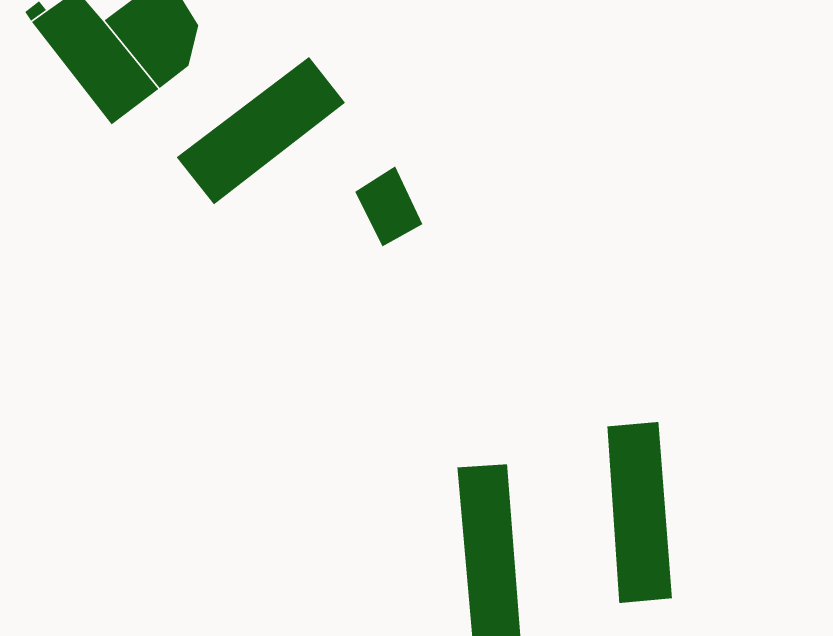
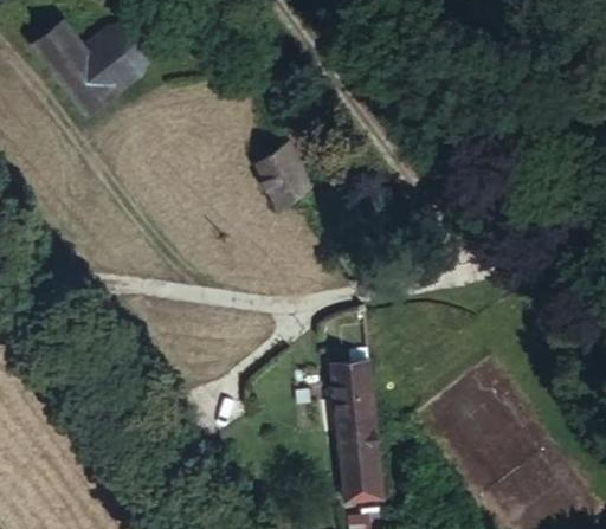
building: [175,56,346,206] -> none
building: [606,421,673,604] -> none

